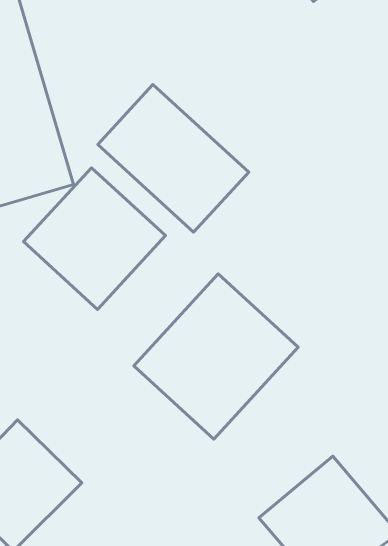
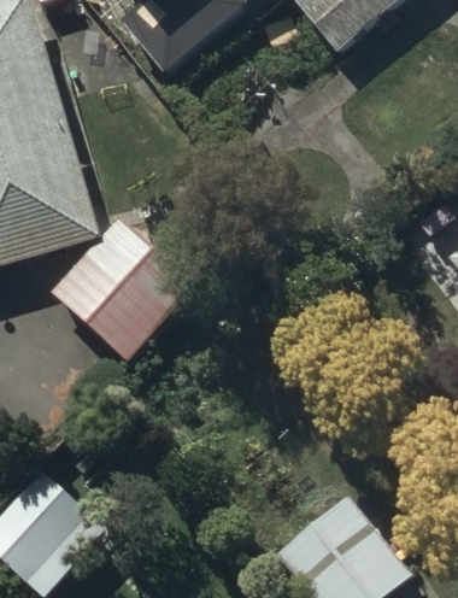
building: [98,84,249,232] -> none
building: [134,274,298,439] -> none

